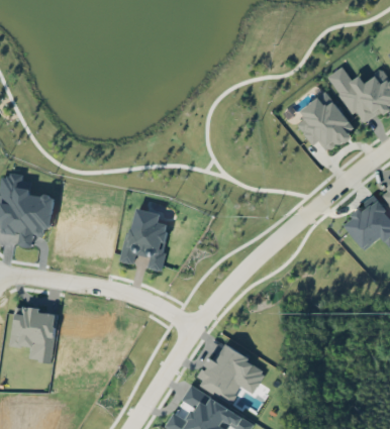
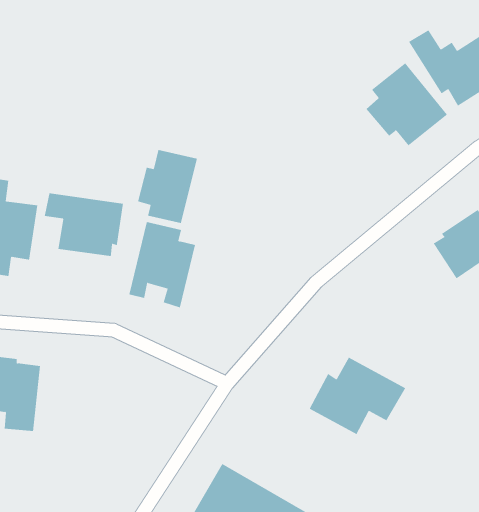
building: none -> [137,149,197,224]
building: none -> [44,192,123,257]
building: [196,346,268,404] -> [309,357,406,435]

